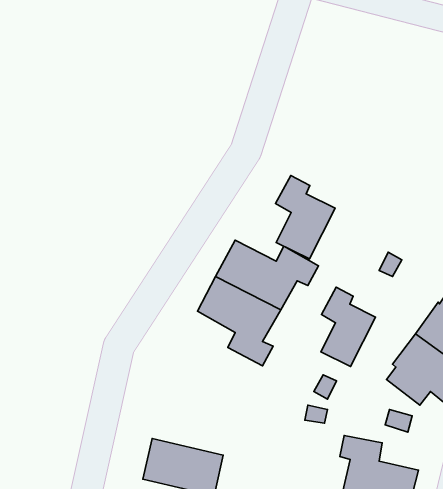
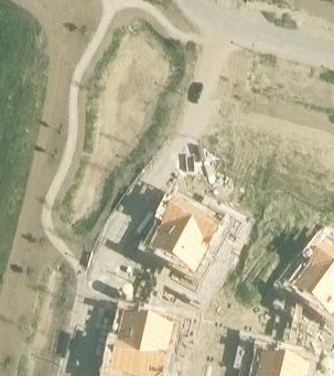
building: [275,175,335,259] -> none
building: [321,287,376,366] -> none
building: none -> [116,304,185,350]

